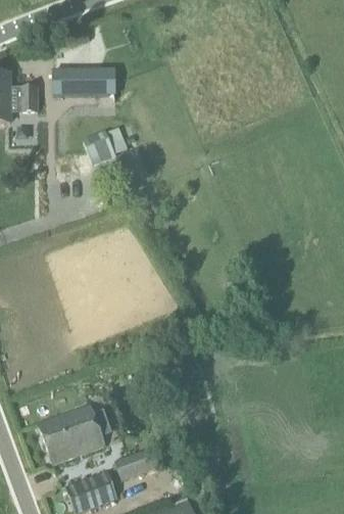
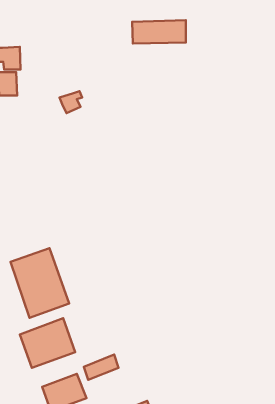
building: [53,68,116,96] -> [132,20,186,43]
building: none -> [10,248,69,318]

